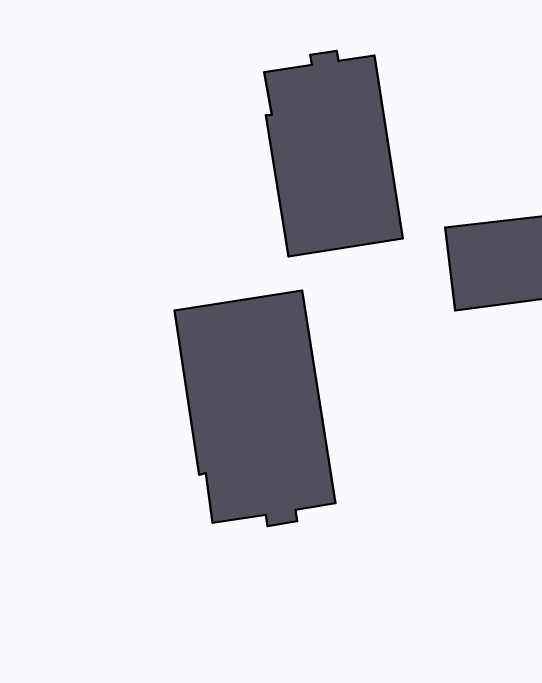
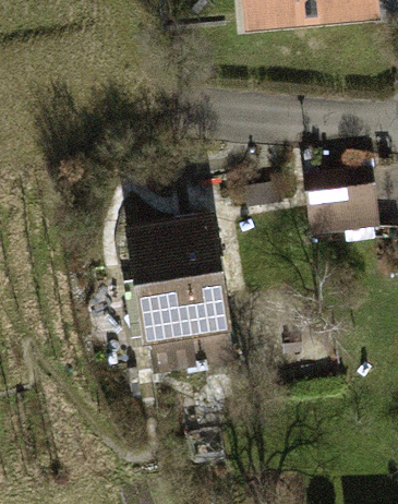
building: [264,51,403,257] -> none

